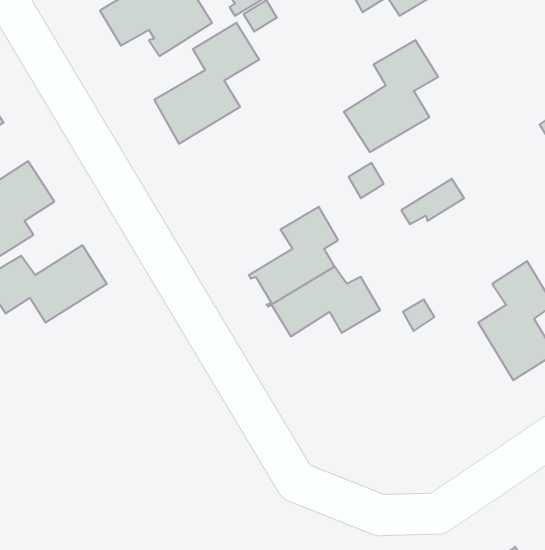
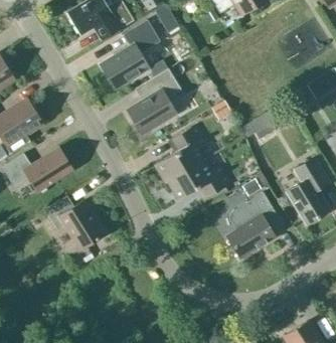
building: [344,40,438,152] -> [127,68,181,133]
building: none -> [226,191,283,258]
building: none -> [44,195,106,249]

